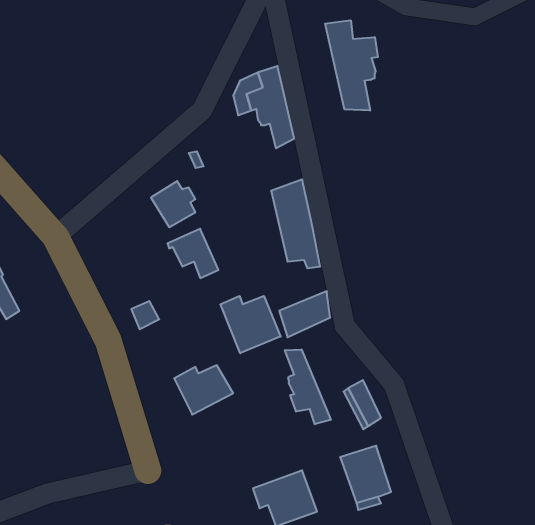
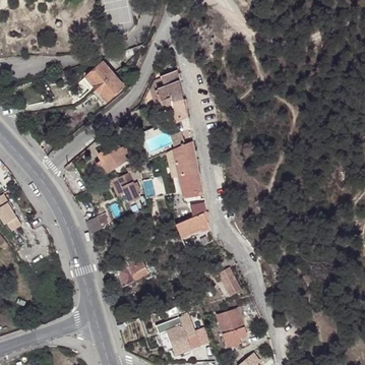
building: [325,20,378,111] -> none
building: none -> [81,61,123,104]
building: [220,296,281,353] -> none
building: [285,349,331,424] -> none

